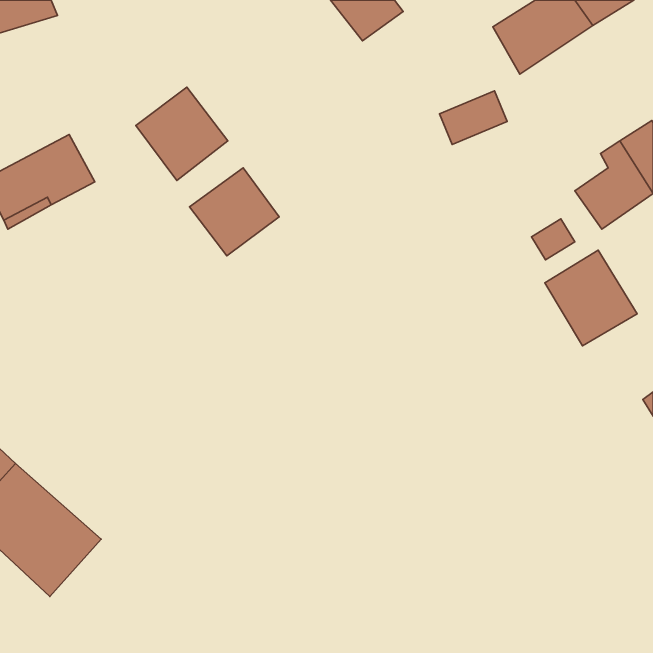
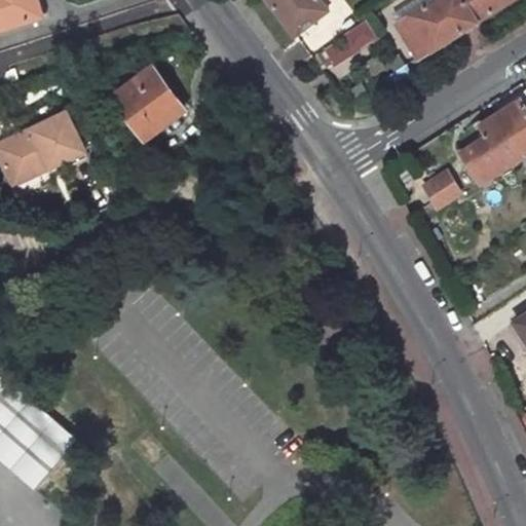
building: [439,91,507,145] -> [320,23,374,66]
building: [190,168,279,256] -> none
building: [545,250,637,346] -> none

